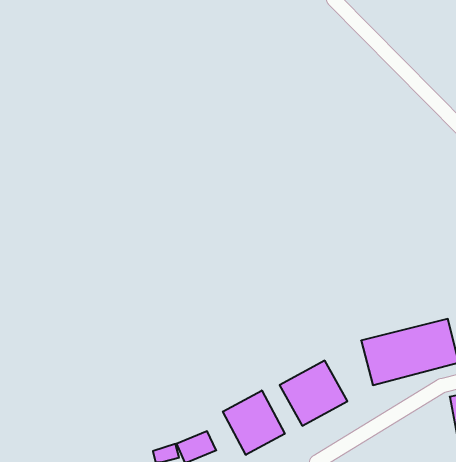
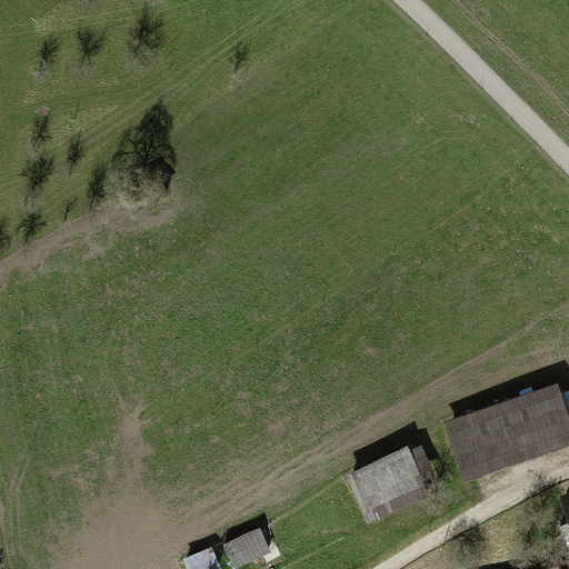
building: [223,390,285,455] -> none

